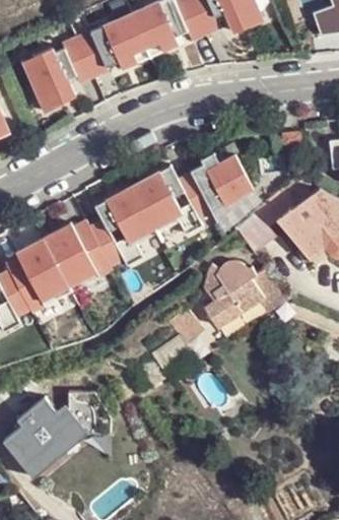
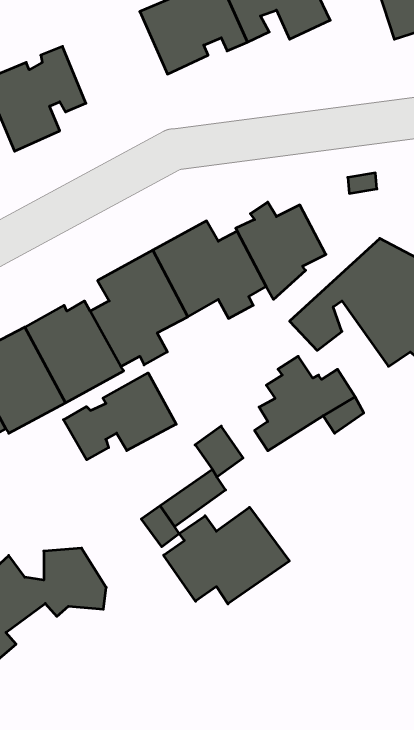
building: [76,16,149,80] -> none
building: none -> [63,373,176,460]
building: none -> [164,507,289,604]

